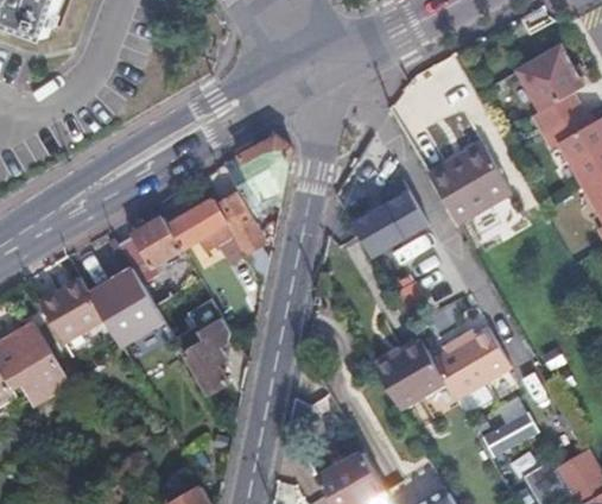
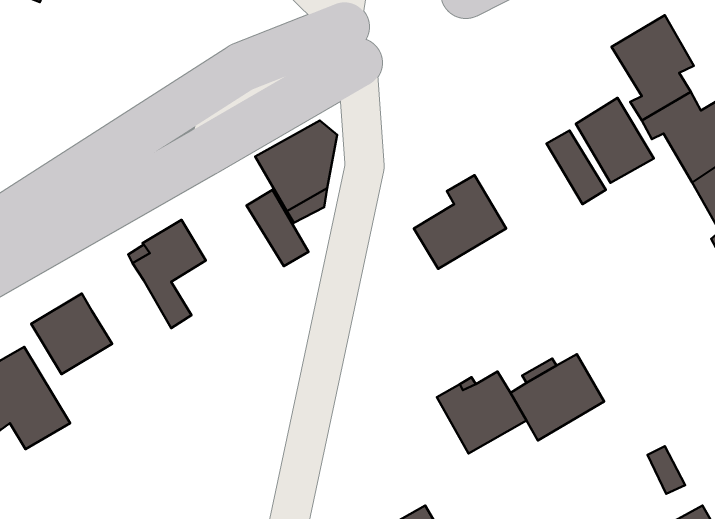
building: [427,153,492,223] -> [576,98,654,183]
building: [167,200,246,264] -> none
building: [88,266,163,346] -> none
building: [182,319,229,395] -> none
building: [481,410,541,454] -> none

